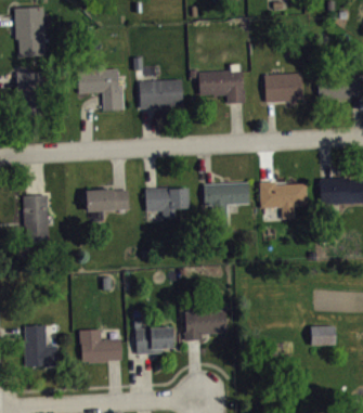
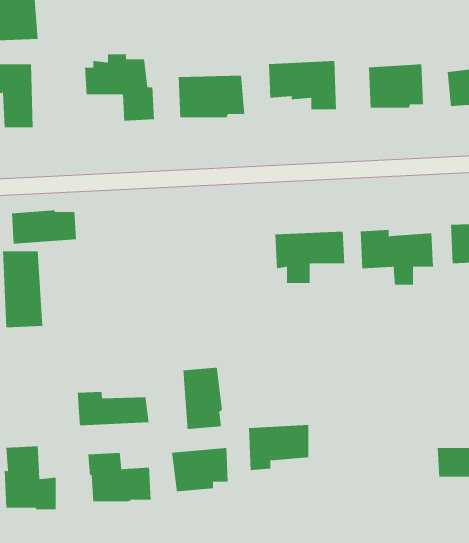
building: [145,186,189,218] -> none
building: [86,189,129,211] -> [11,210,77,244]
building: none -> [183,367,222,430]
building: none -> [77,391,149,426]

